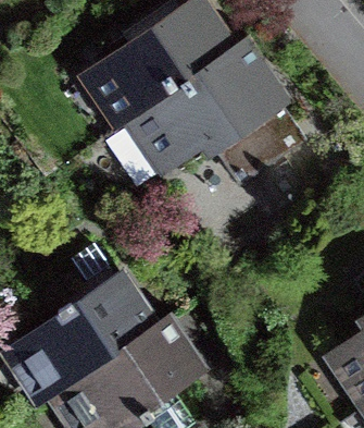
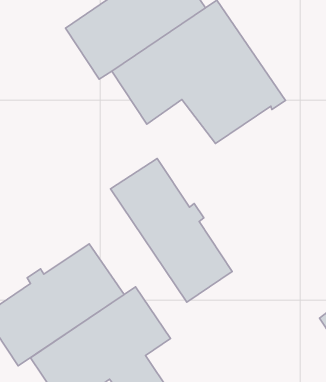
building: none -> [111,159,232,302]

